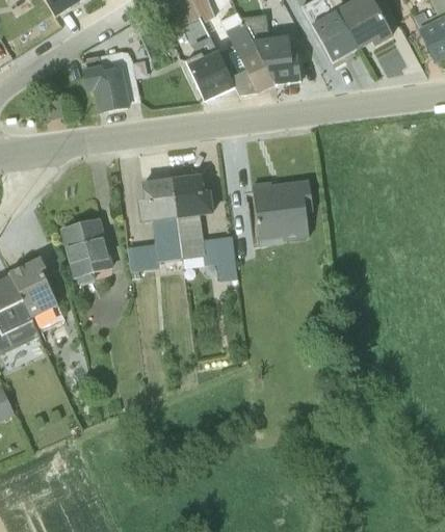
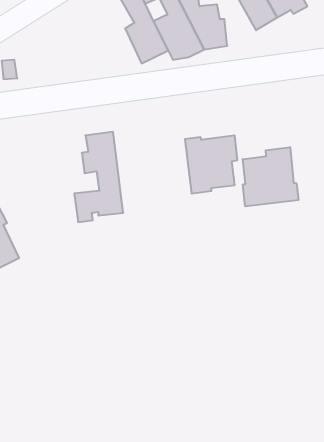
building: [81,51,139,112] -> none
building: [172,172,238,281] -> none
building: none -> [243,147,298,206]
building: [62,219,111,284] -> none

